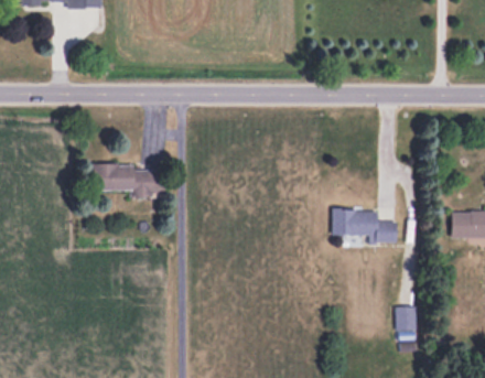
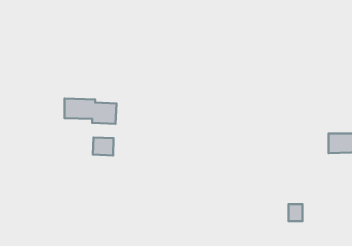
building: [333,210,397,245] -> none
building: none -> [93,137,114,155]

